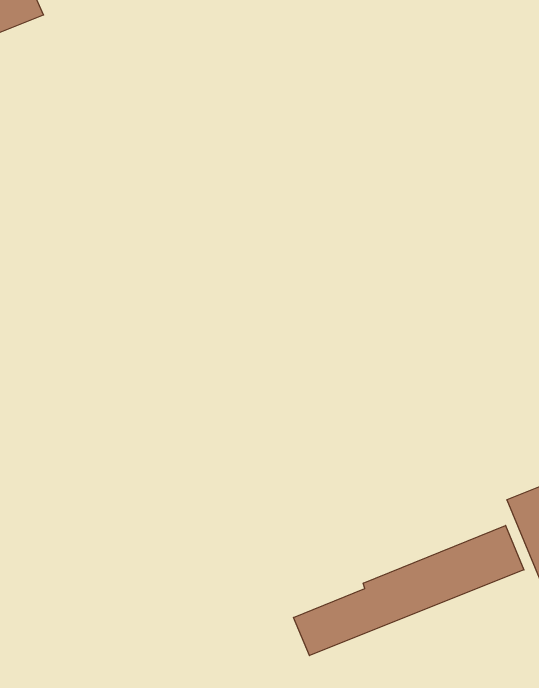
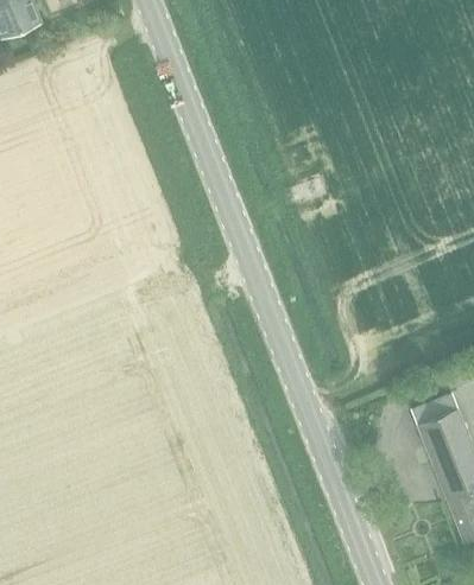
building: [294,525,524,656] -> none

